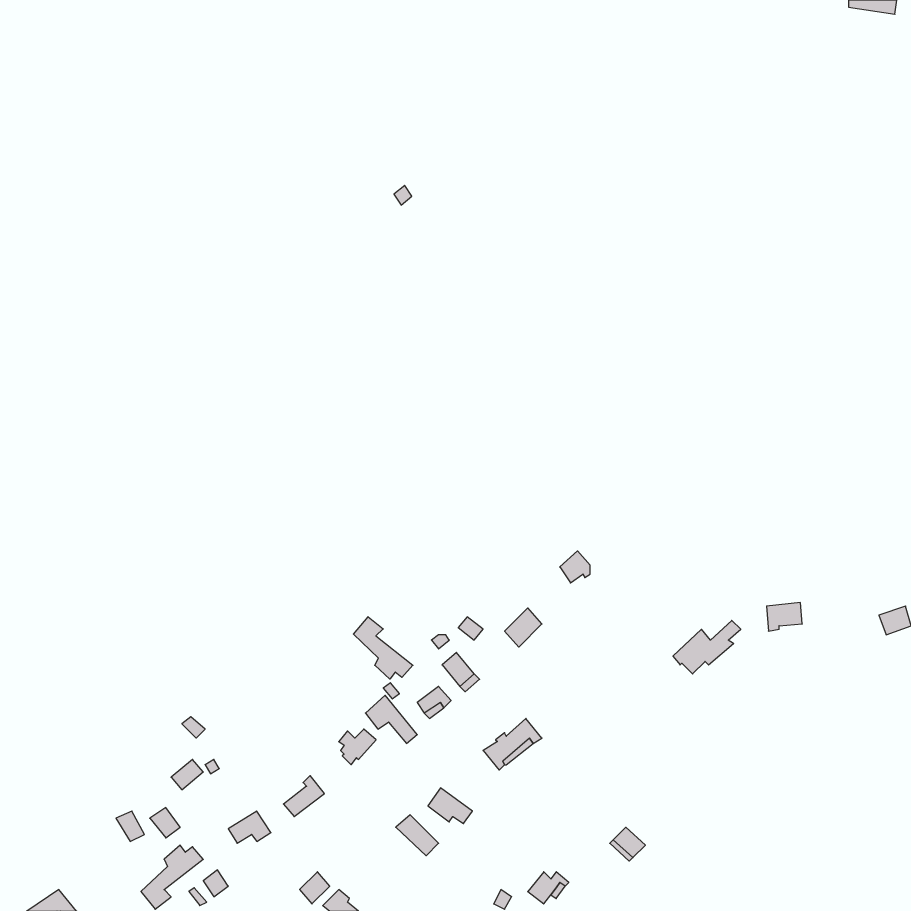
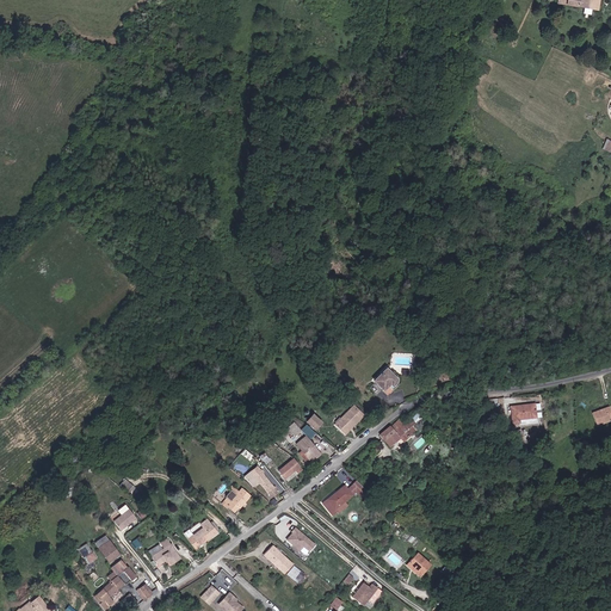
building: [353,617,413,679] -> none
building: [673,620,741,674] -> [379,412,425,448]

